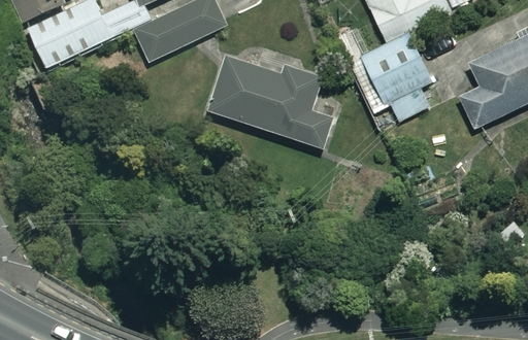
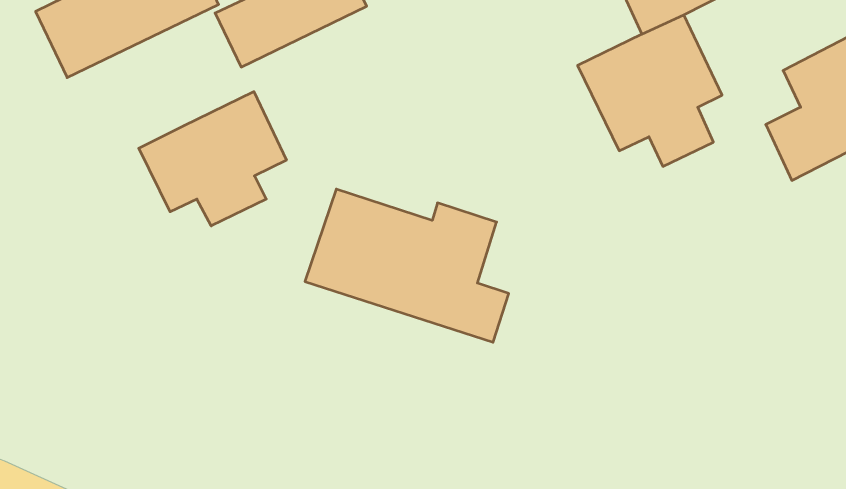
building: [209,58,330,148] -> [305,189,509,342]
building: none -> [139,92,286,226]

